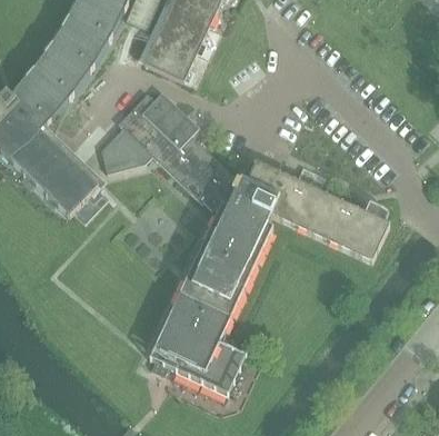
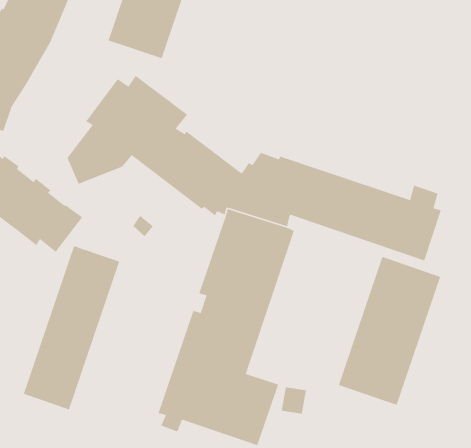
building: none -> [23,245,120,410]
building: none -> [338,256,441,406]

